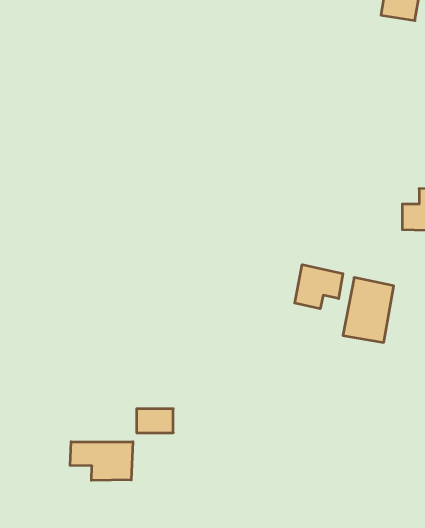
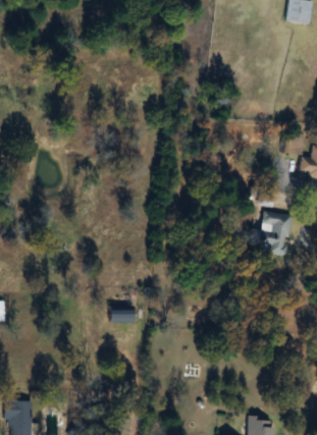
building: [295,265,343,309] -> none
building: [70,442,133,480] -> none

